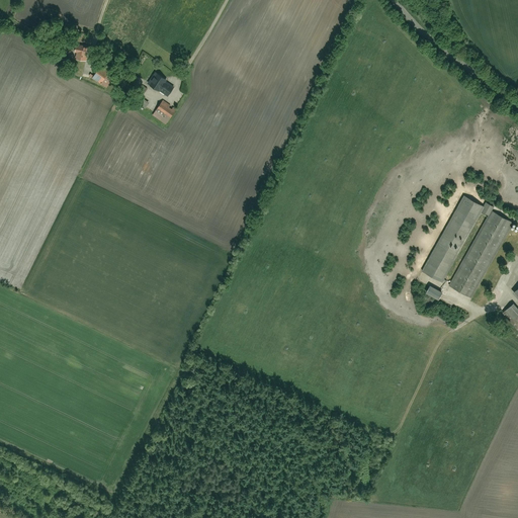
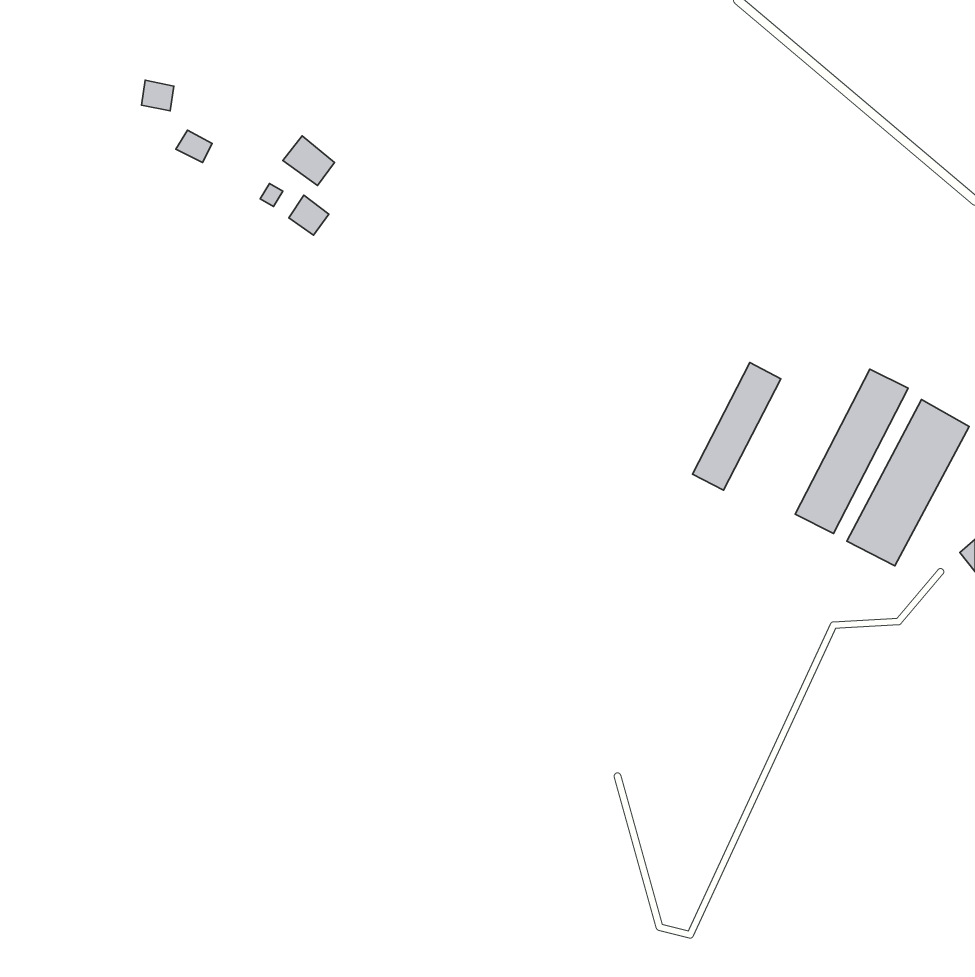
building: none -> [693,362,781,490]

